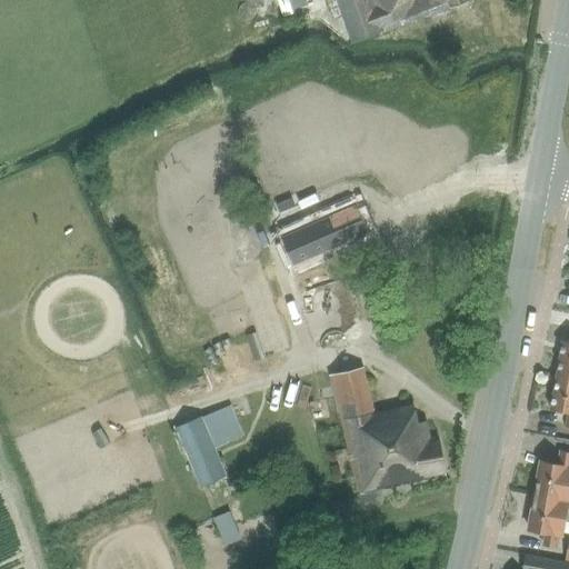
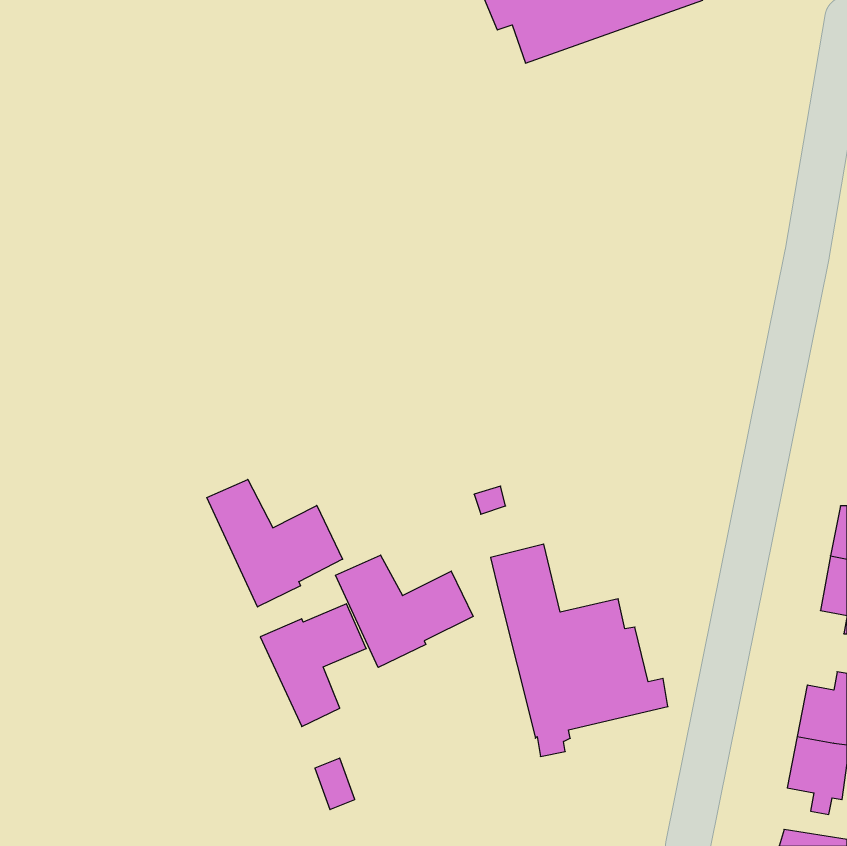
building: [281,202,370,266] -> none
building: none -> [207,479,343,607]
building: none -> [336,555,473,667]

